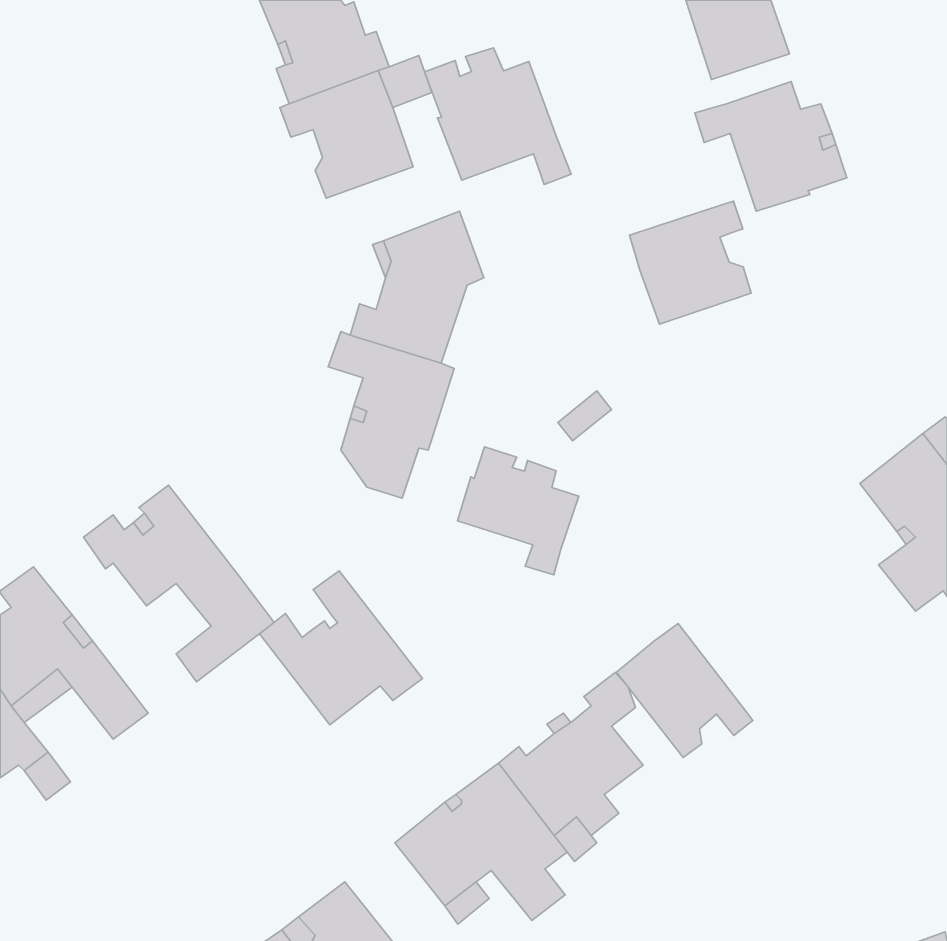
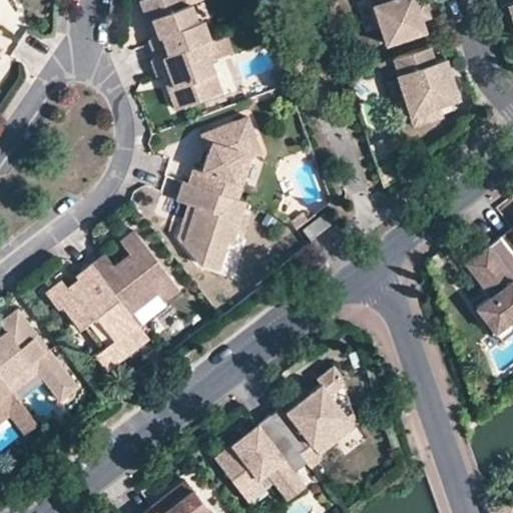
building: [424,48,571,185] -> none
building: [629,201,751,324] -> none
building: [458,447,579,575] -> none
building: [260,571,423,725] -> [91,231,179,315]
building: [617,624,753,757] -> none

